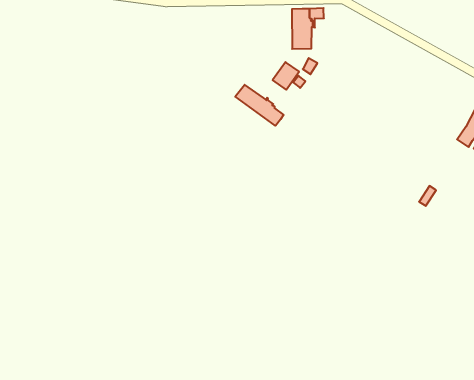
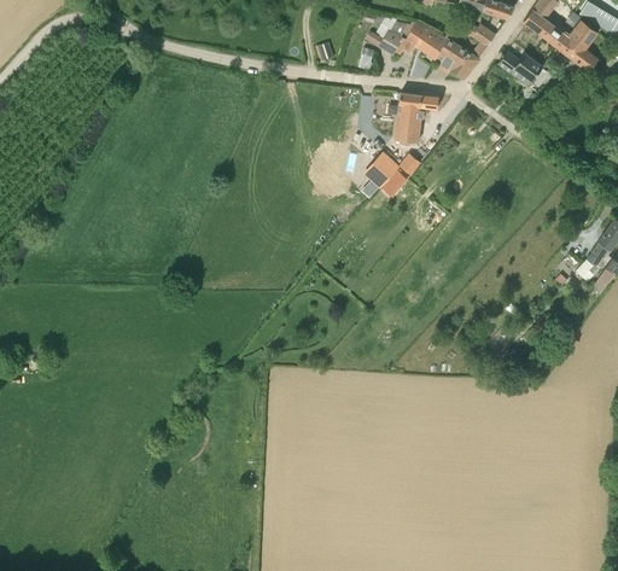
building: [235,85,284,126] -> none

